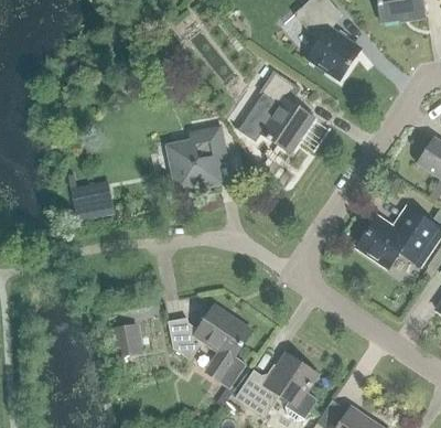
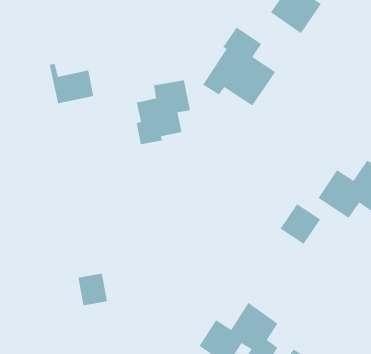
building: [66,172,112,214] -> [49,63,94,104]
building: none -> [280,203,321,245]
building: [168,304,251,386] -> none

